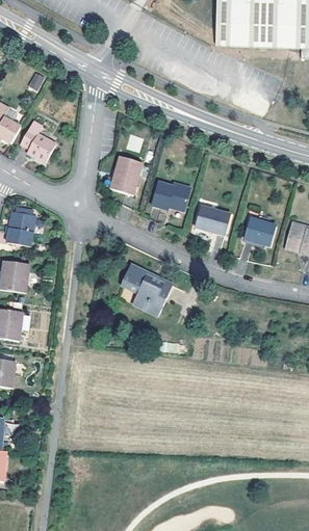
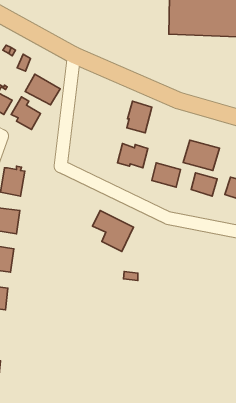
building: none -> [25,74,60,105]
building: [111,156,143,195] -> [127,101,152,133]
building: none -> [183,140,220,171]

